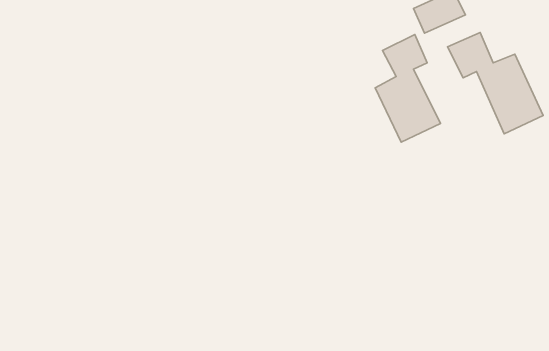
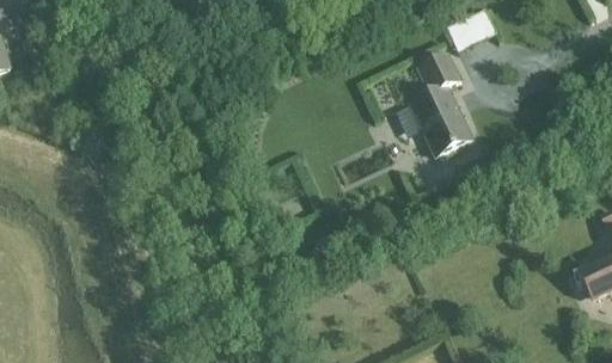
building: [448,33,543,134] -> none

